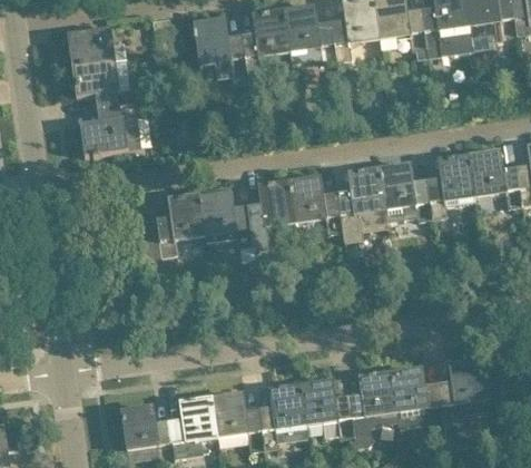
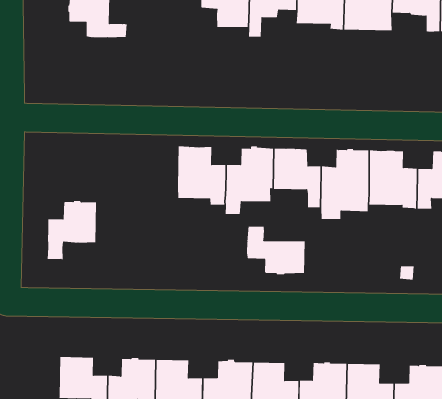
building: [81,98,140,153] -> none
building: [155,192,204,253] -> [47,201,97,260]
building: none -> [246,226,305,275]

